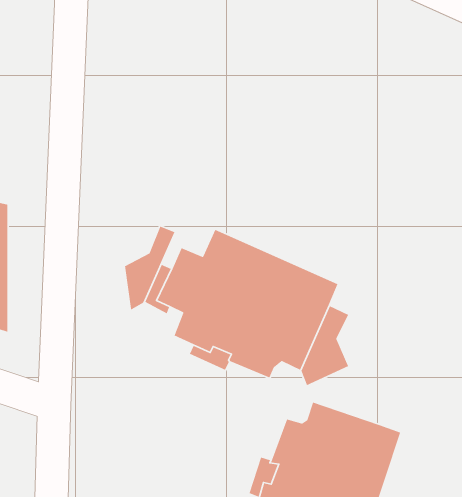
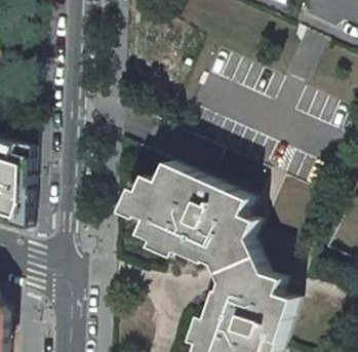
building: [124,225,175,311] -> none
building: none -> [225,253,279,292]

